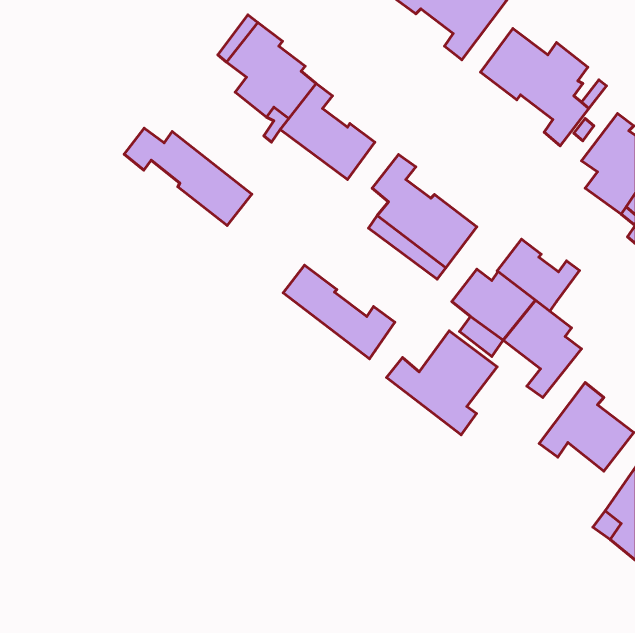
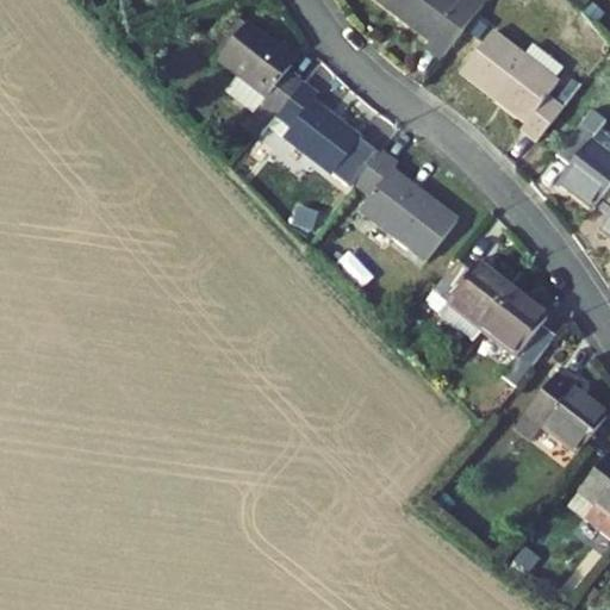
building: [124,128,252,225] -> none
building: [497,239,579,311] -> none
building: [283,265,395,359] -> none
building: [387,331,497,435] -> none

